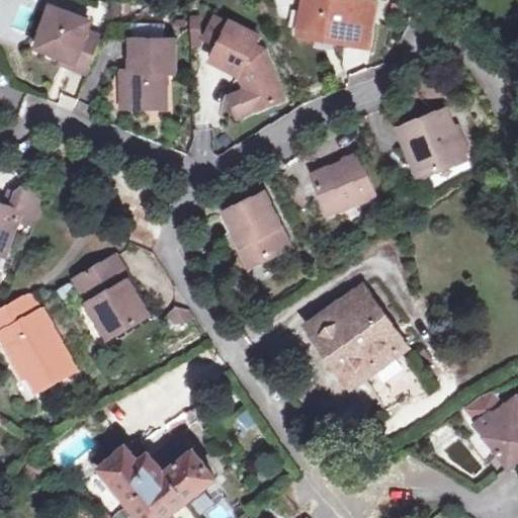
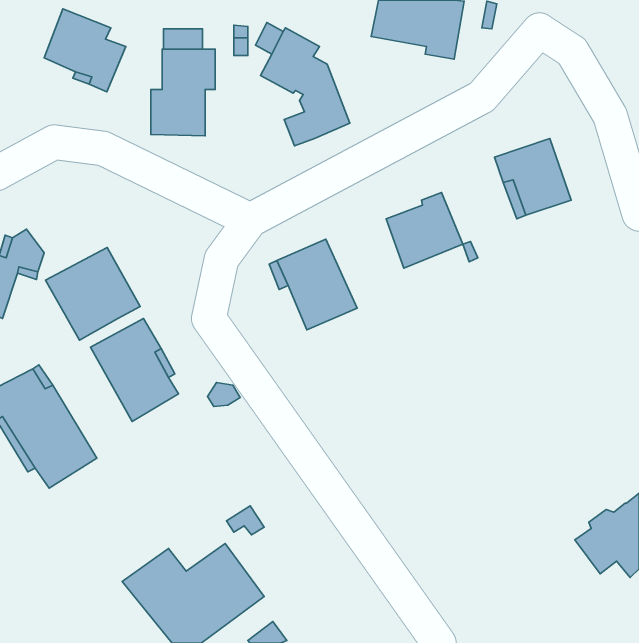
building: none -> [45,247,140,340]
building: [307,293,398,385] -> none

